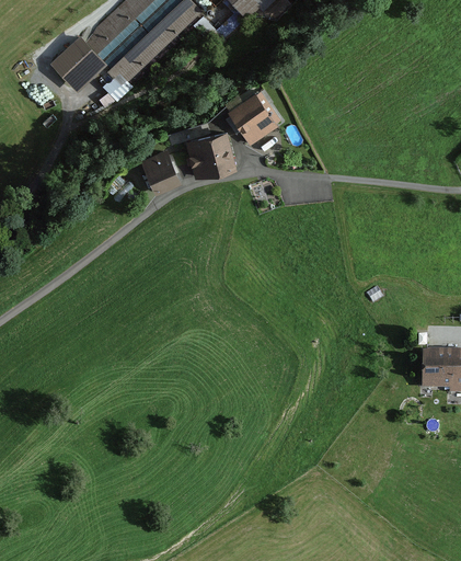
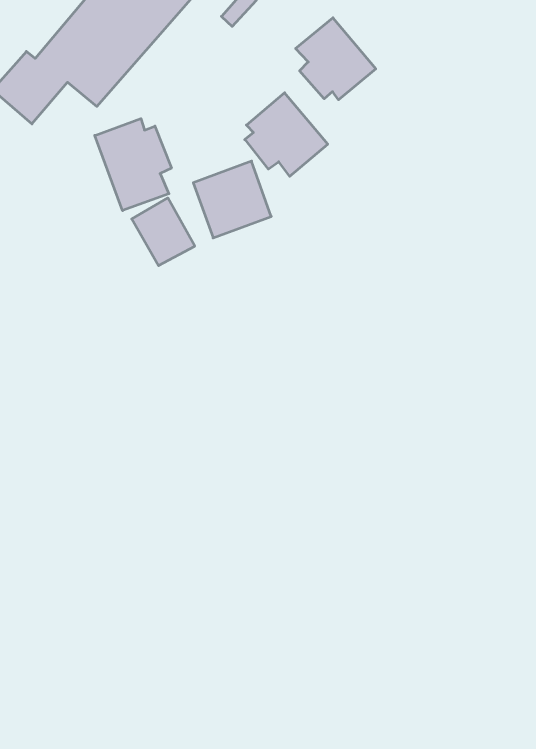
building: none -> [296,18,376,100]
building: none -> [95,119,171,211]

